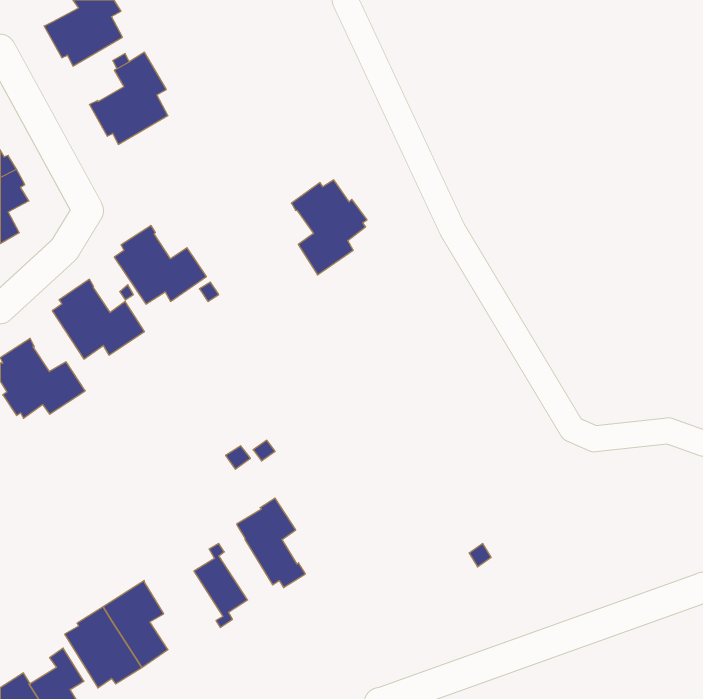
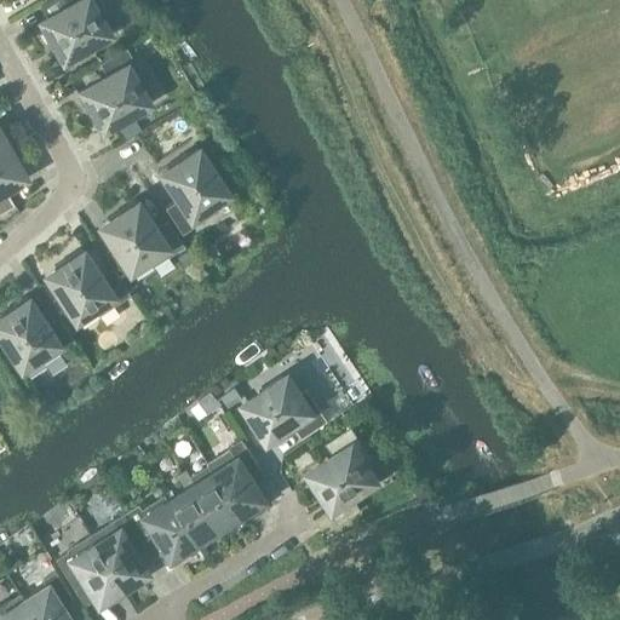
building: [291,180,367,275] -> [159,147,225,230]
building: none -> [246,380,328,447]
building: none -> [306,430,375,526]
building: none -> [178,467,249,532]
building: none -> [127,498,196,567]

